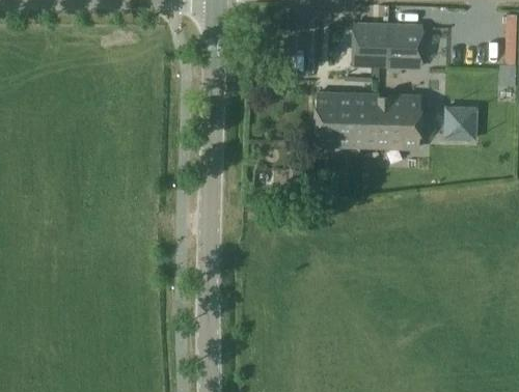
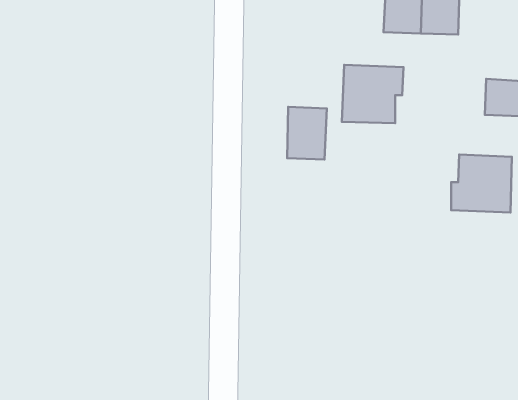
building: [364,94,418,146] -> [451,154,512,213]
building: none -> [287,107,327,159]

